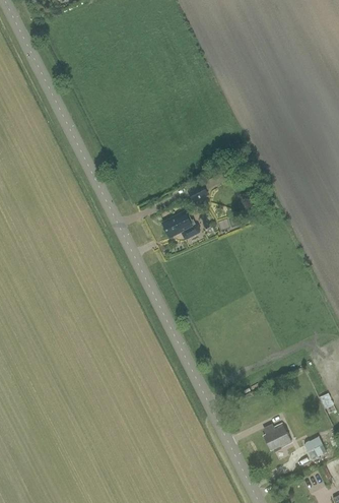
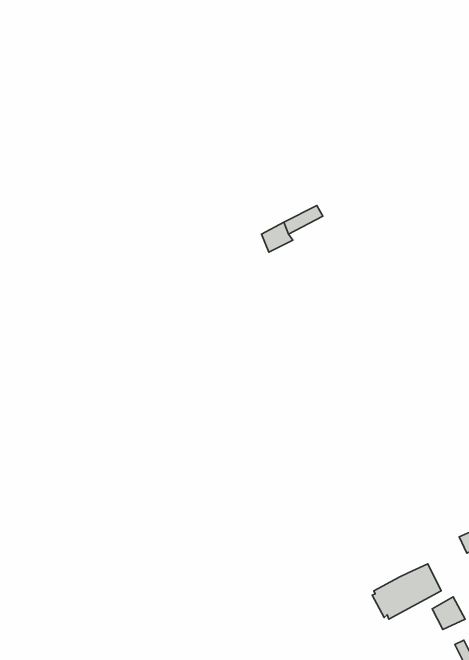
building: [160,211,198,239] -> none

